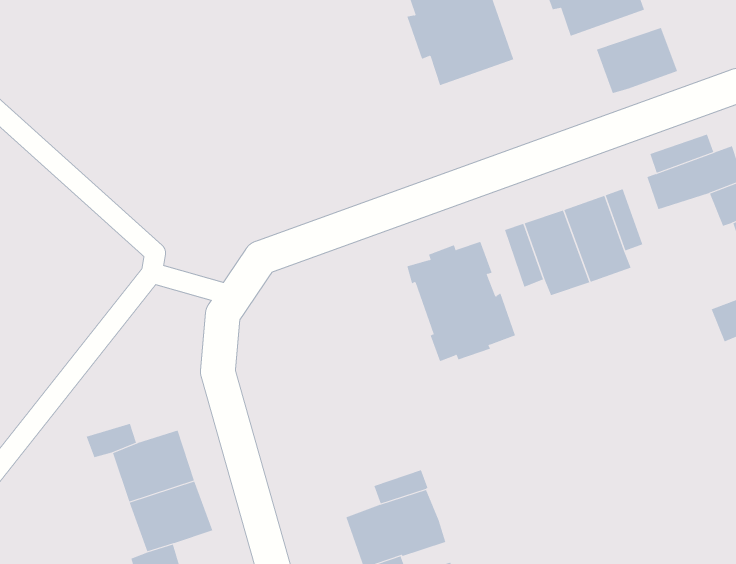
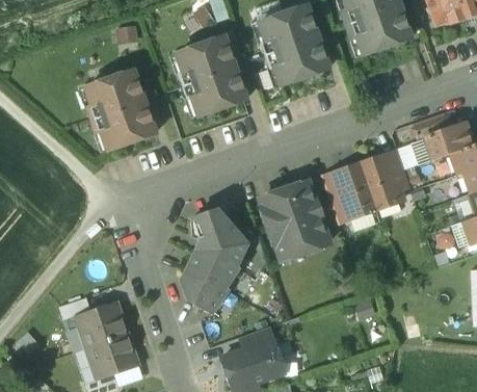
building: none -> [178,36,246,115]
building: [596,27,678,94] -> none
building: none -> [86,71,155,150]
building: none -> [183,209,247,312]

